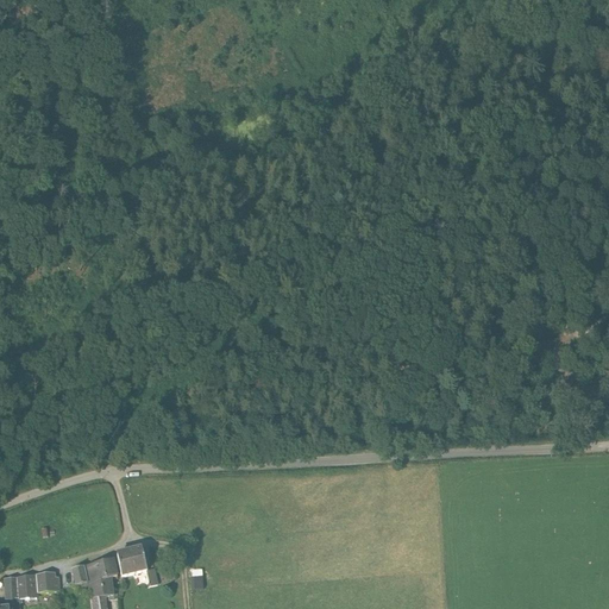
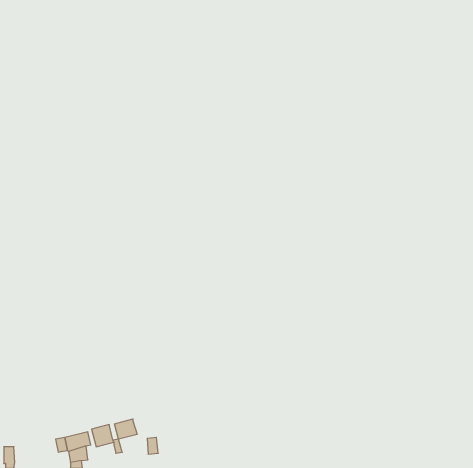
building: none -> [114,419,137,439]
building: [18,570,58,595] -> none

